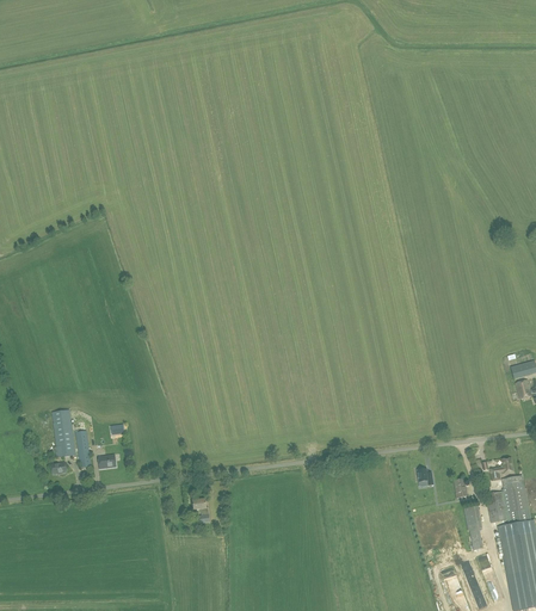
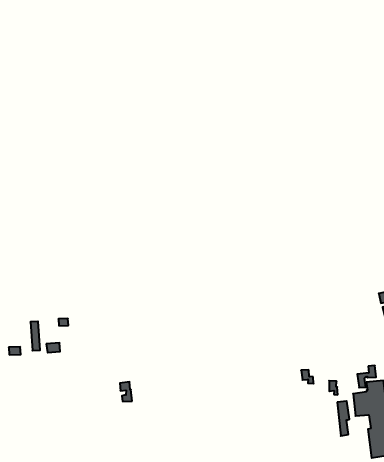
building: [51,411,74,458] -> none

